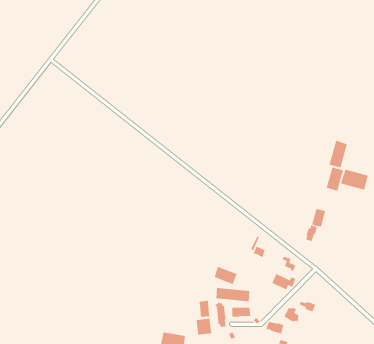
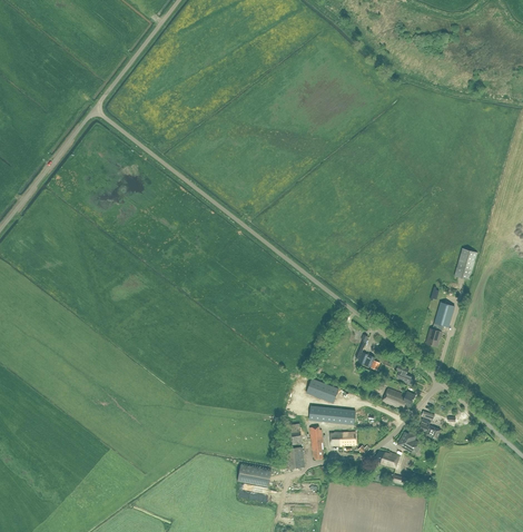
building: [329,140,348,168] -> none
building: [340,169,368,191] -> none

